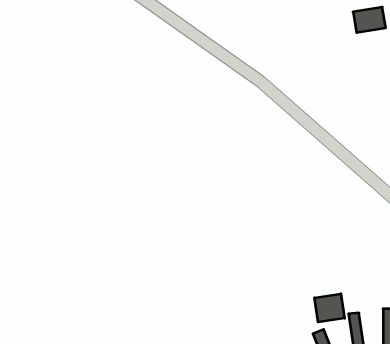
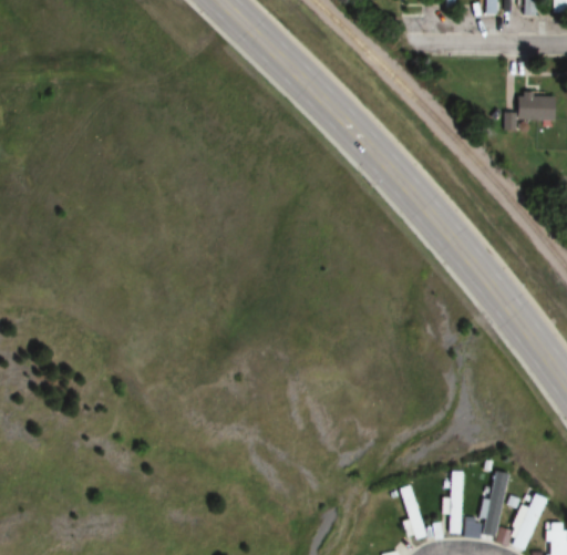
building: [315,294,345,322] -> none

